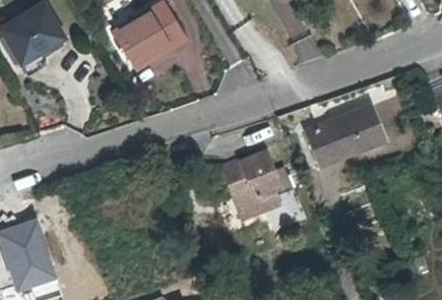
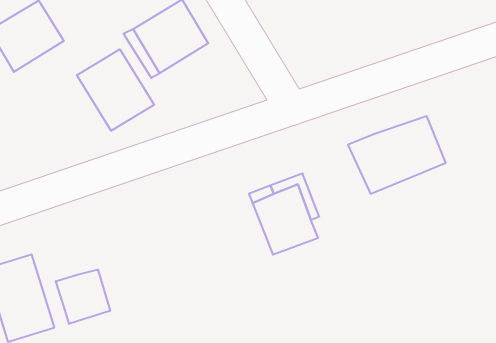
building: none -> [77,49,154,131]
building: none -> [56,269,110,324]

